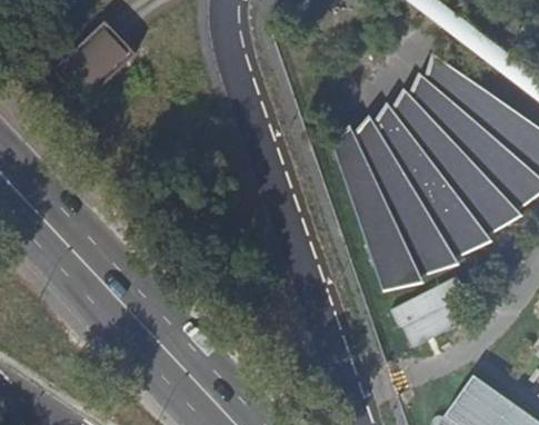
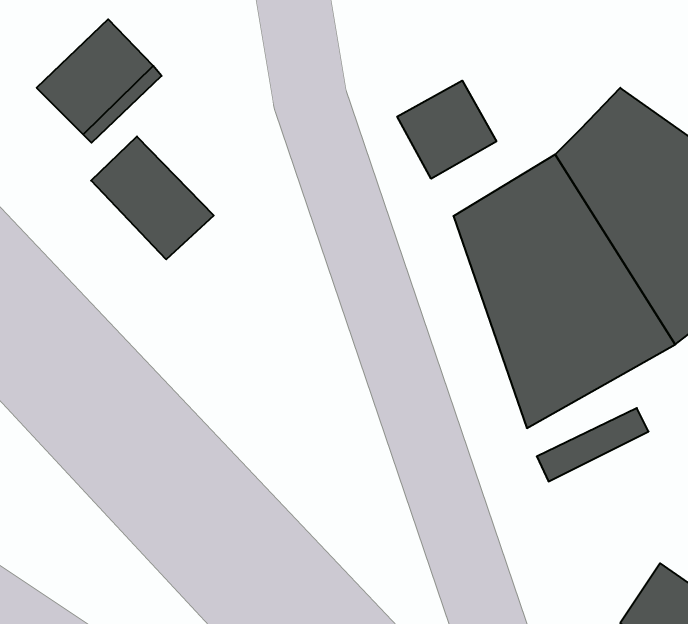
building: none -> [397,81,496,179]
building: none -> [91,136,214,259]

